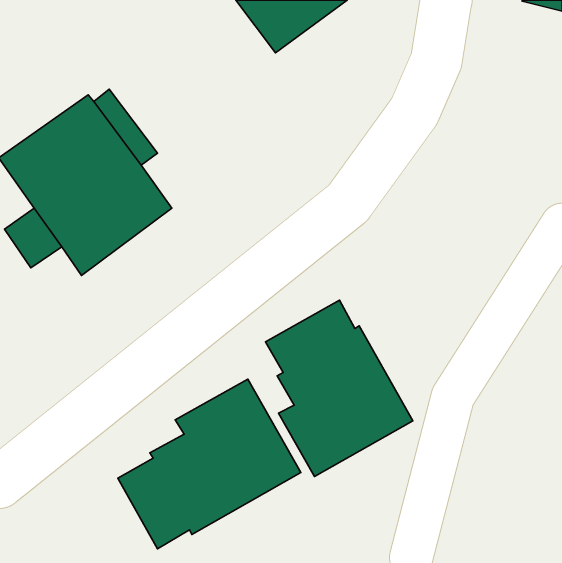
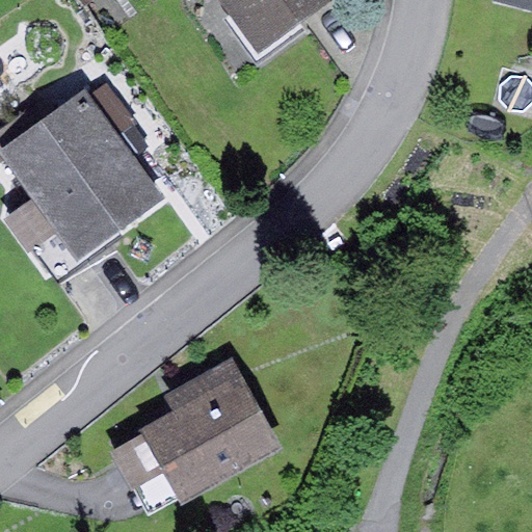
building: [266,300,413,476] -> none

